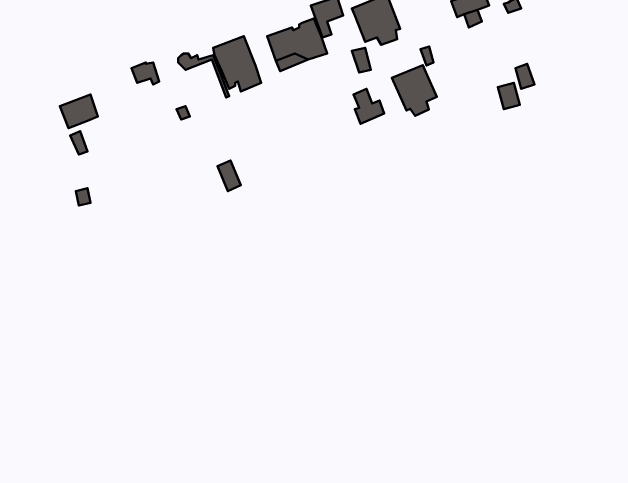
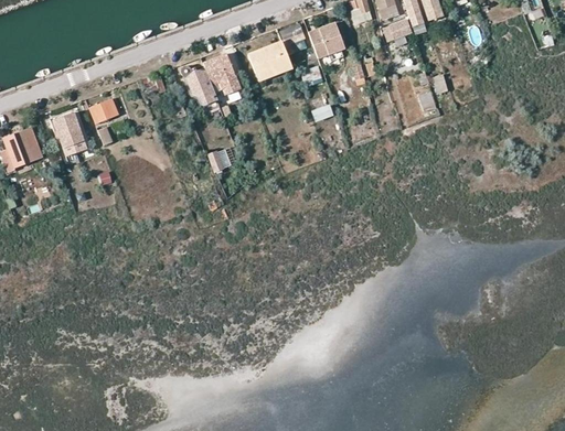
building: none -> [183,72,214,106]
building: [392,65,437,116] -> none
building: none -> [52,111,86,154]

